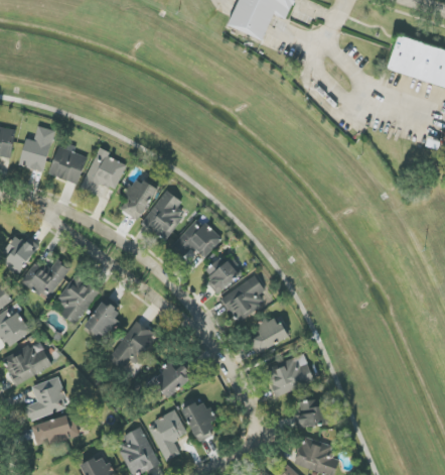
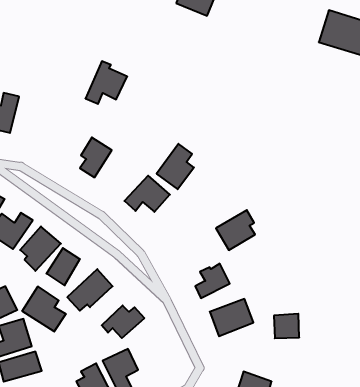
building: [48,146,88,185] -> none
building: [81,147,127,195] -> [85,61,127,104]
building: [142,190,183,240] -> [157,144,194,189]
building: [203,254,244,292] -> none
building: [221,276,265,321] -> [216,210,255,250]
building: none -> [22,286,66,332]
building: [182,399,214,443] -> none
building: [296,399,324,427] -> [274,314,299,338]

